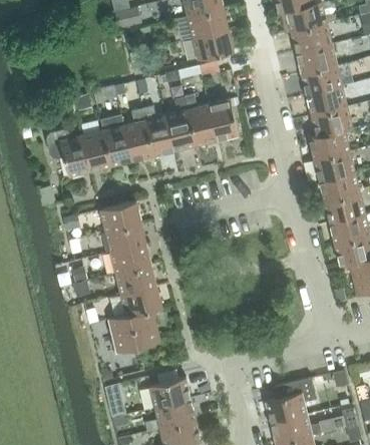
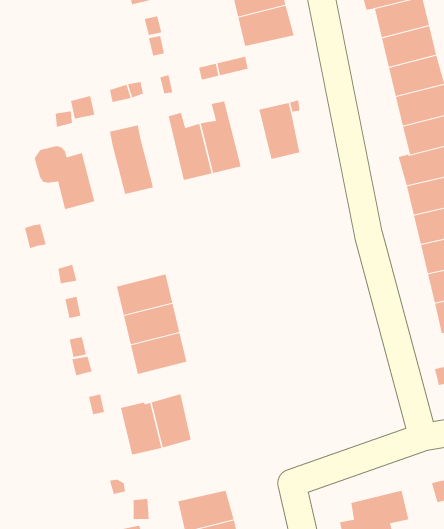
building: [183,95,217,145] -> none
building: [123,109,153,160] -> none
building: [81,130,111,170] -> none
building: [100,200,141,232] -> none
building: [120,286,161,316] -> none

